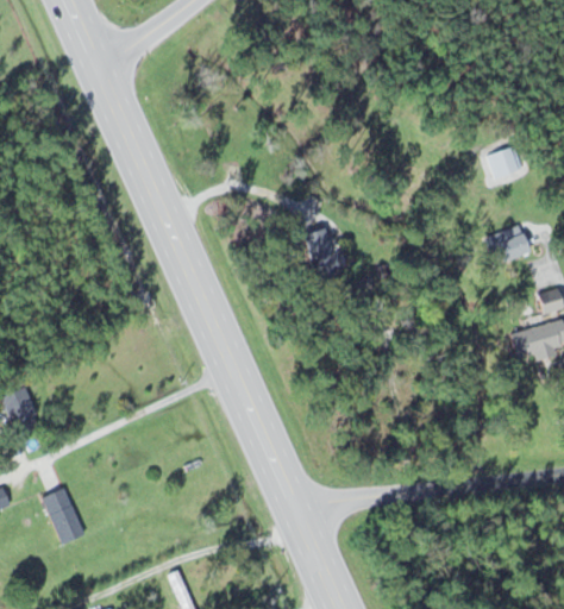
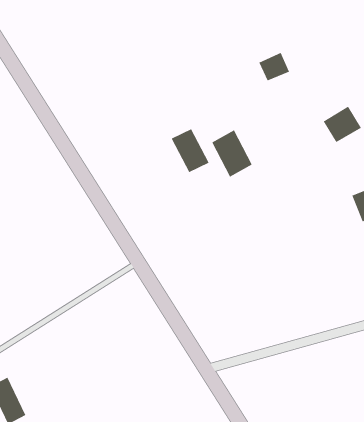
building: [488,145,524,177] -> [259,52,290,81]
building: none -> [211,129,252,177]

